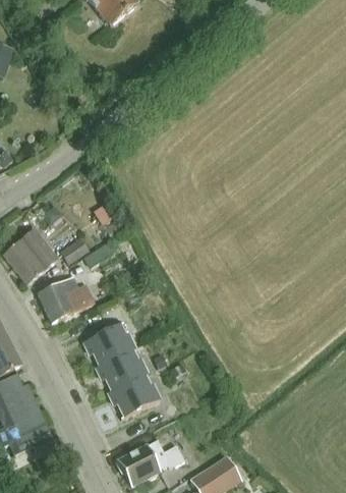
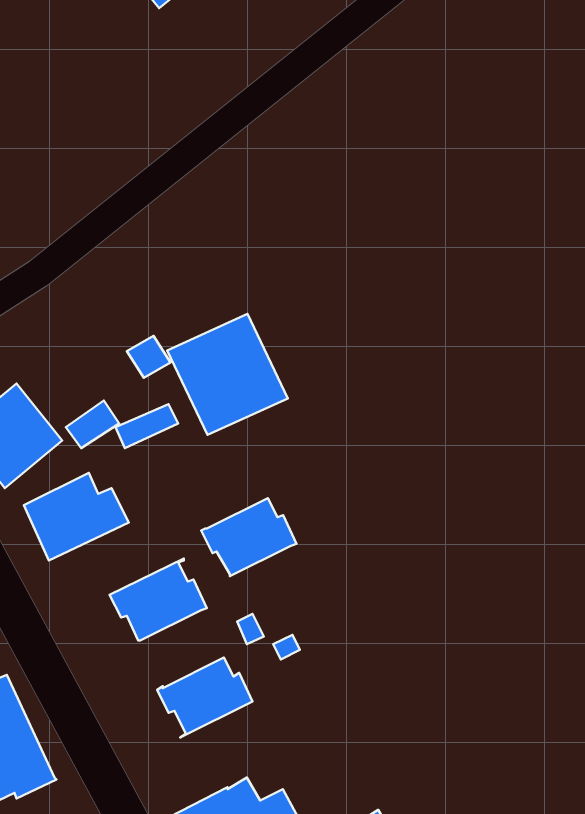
building: none -> [167,314,288,435]
building: [97,349,148,391] -> [201,498,296,576]

